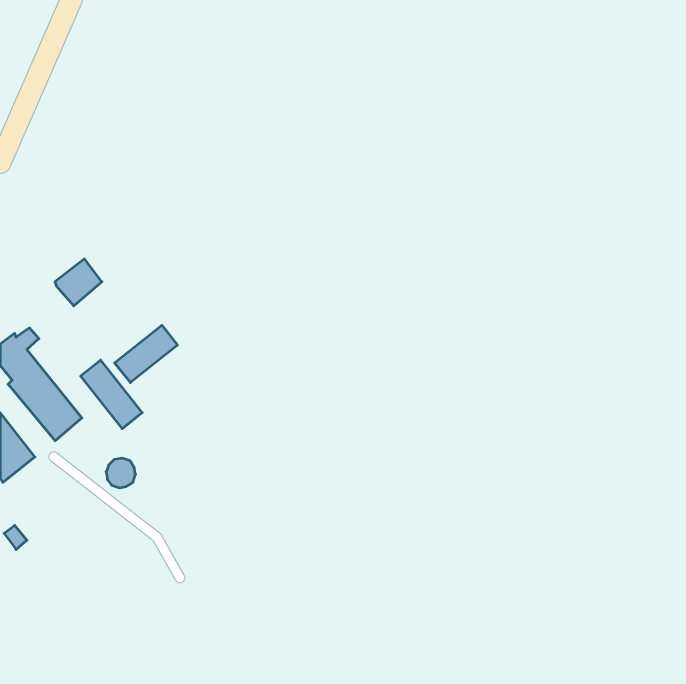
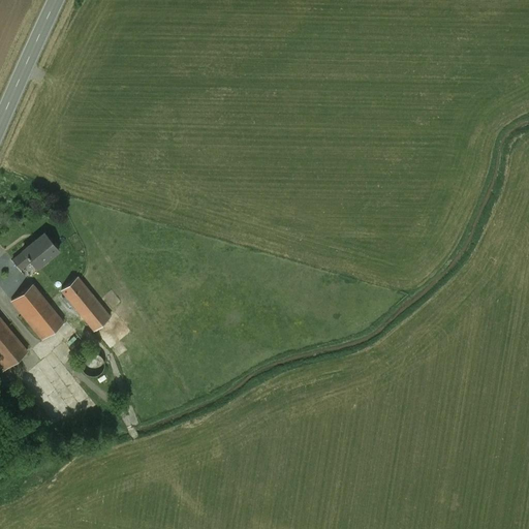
building: [55,259,102,306] -> [22,234,58,270]
building: [115,325,177,383] -> none

